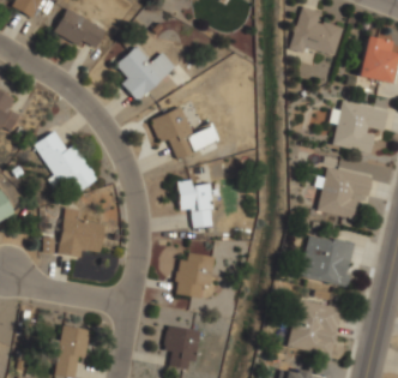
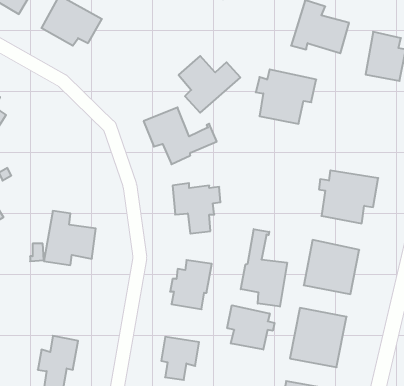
building: [116,47,175,101] -> [179,56,240,113]
building: [330,101,387,152] -> [256,69,316,124]
building: [34,133,97,194] -> none
building: none -> [241,229,287,307]
building: none -> [227,305,275,350]

